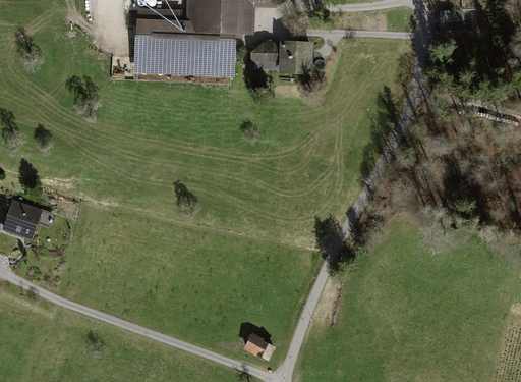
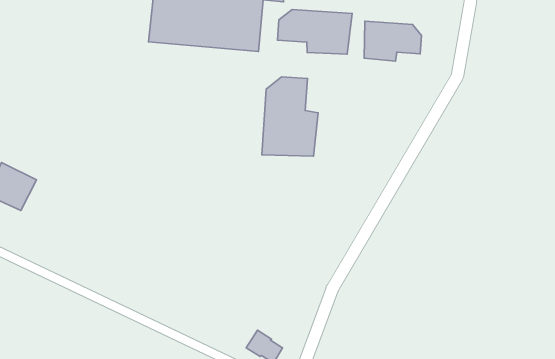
building: none -> [364,21,422,61]
building: none -> [262,77,318,156]

